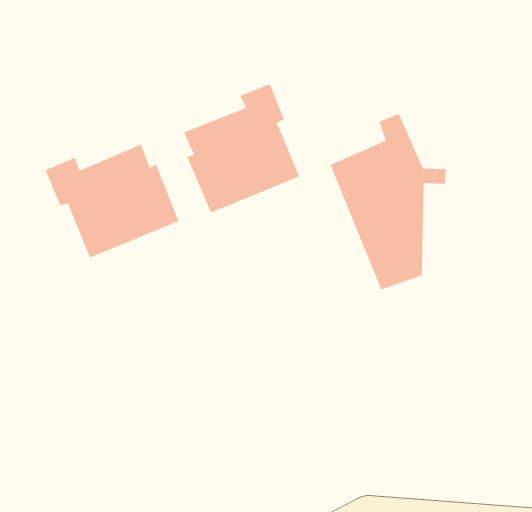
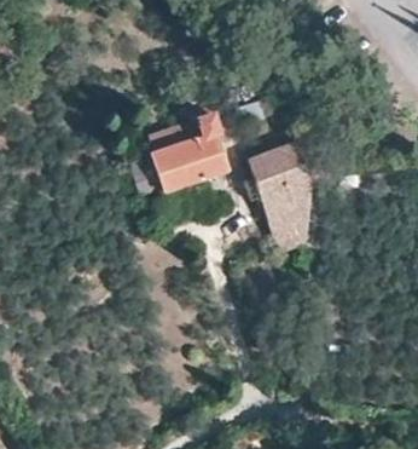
building: [45,144,179,258] -> none

